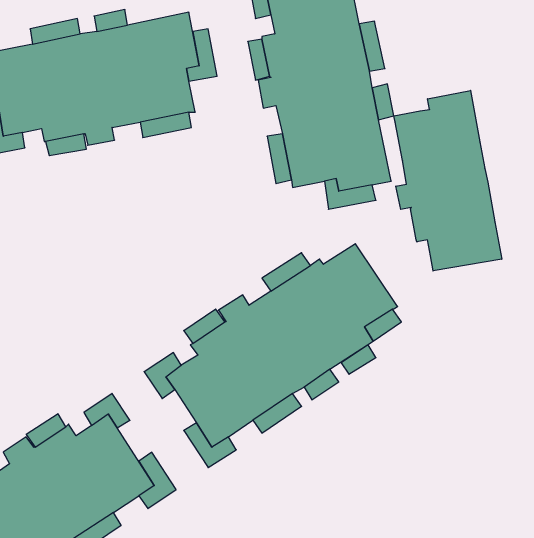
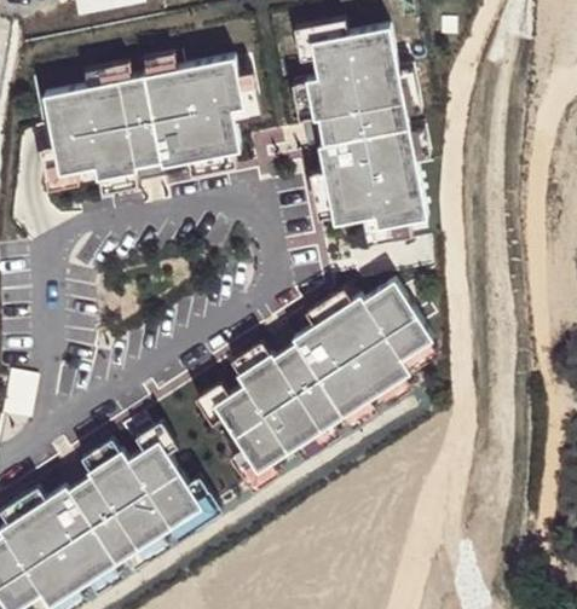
building: [394,90,502,271] -> none

